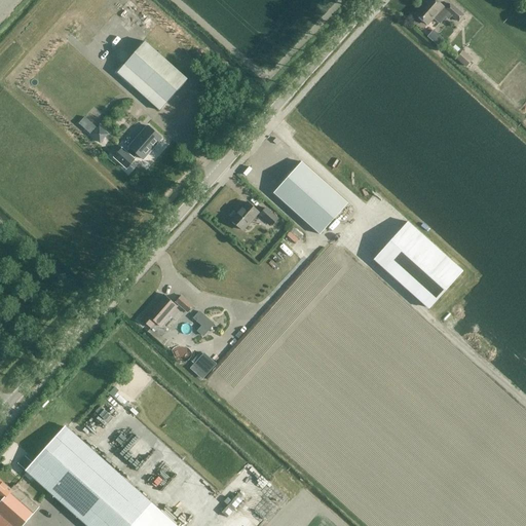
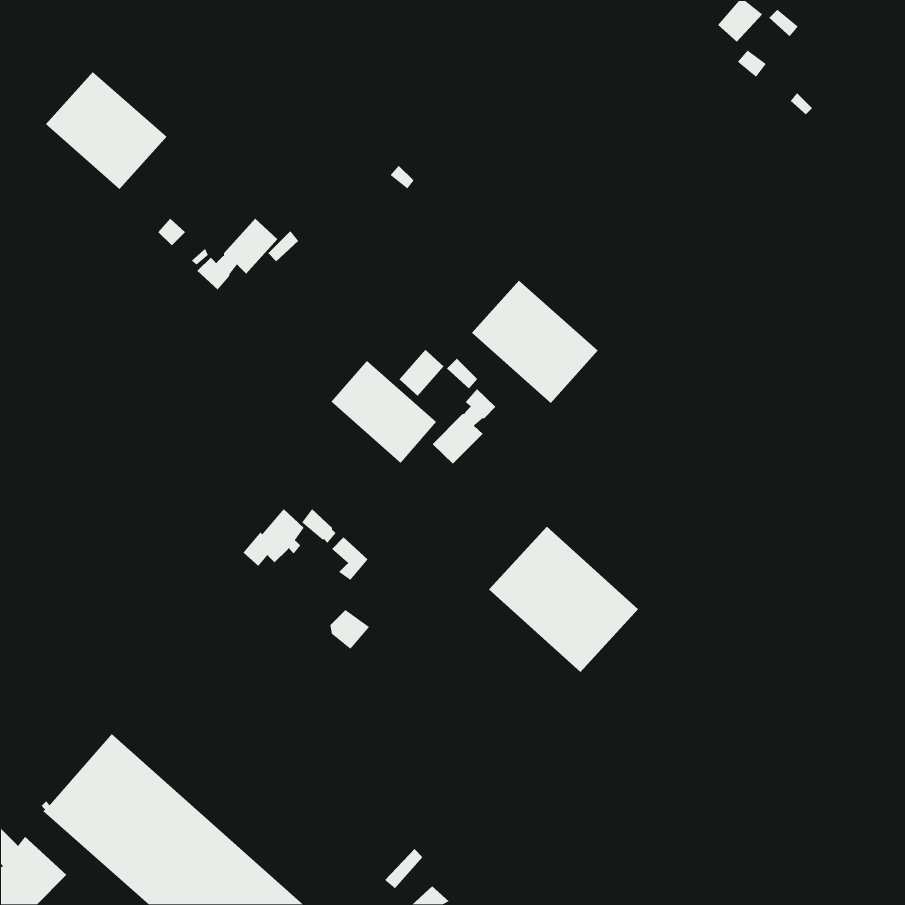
building: [117,42,188,111] -> [45,71,167,190]
building: none -> [330,360,437,464]
building: [374,222,461,307] -> [488,526,639,673]
building: none -> [432,388,496,465]

